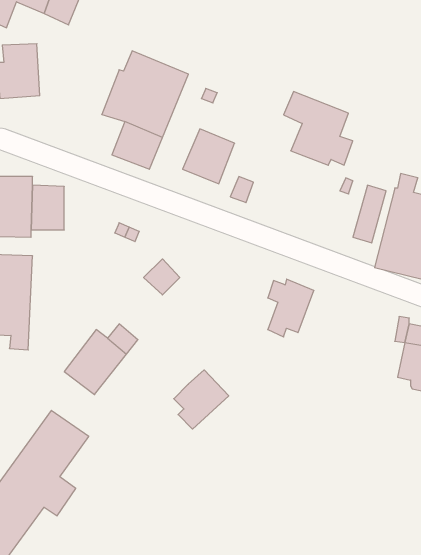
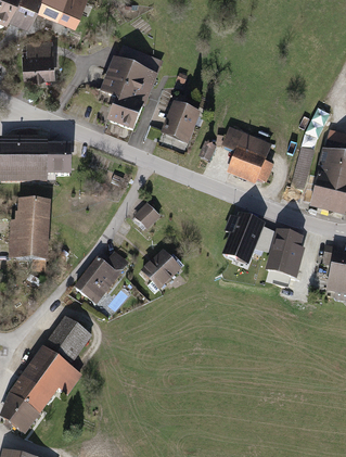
building: [284,92,353,165] -> [222,126,274,181]
building: none -> [269,231,304,278]
building: [174,370,229,429] -> [141,247,182,292]

